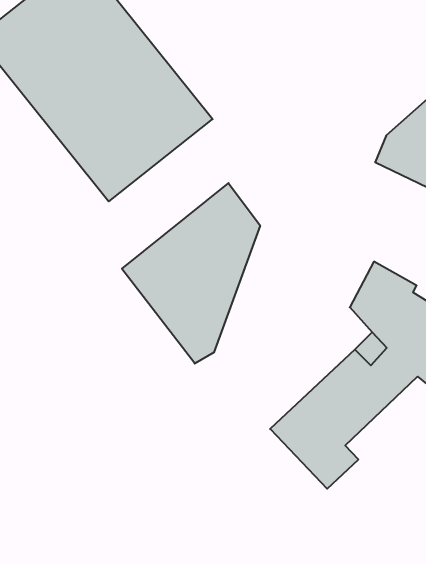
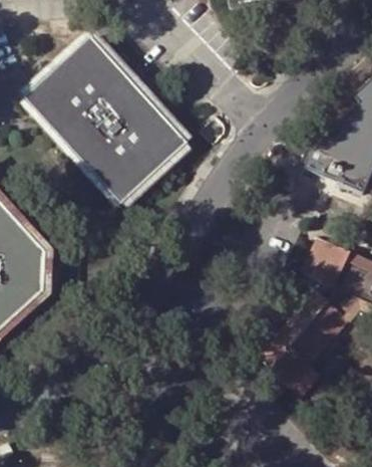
building: [122,183,260,364] -> none

